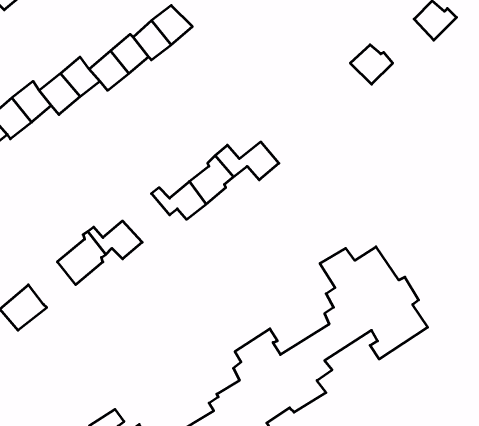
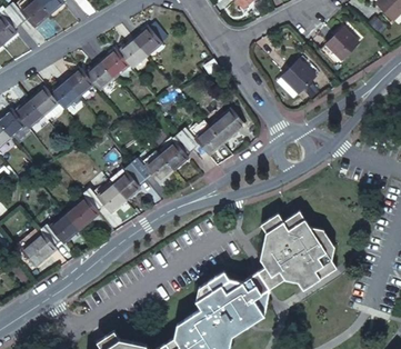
building: none -> [213,113,248,147]
building: none -> [112,169,147,205]
building: none -> [41,219,78,250]

